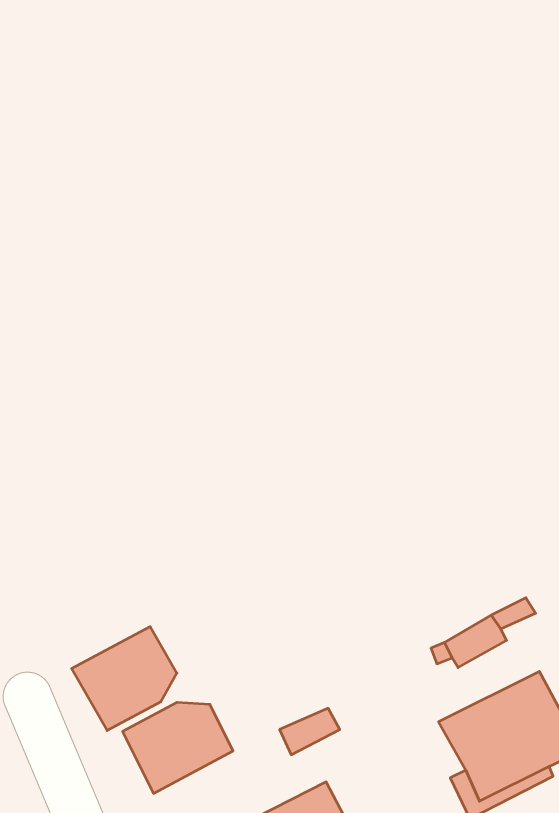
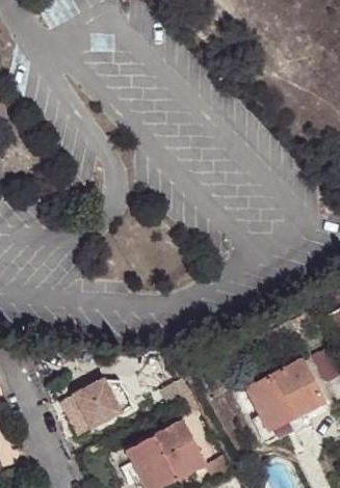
building: [72,627,177,731] -> none

